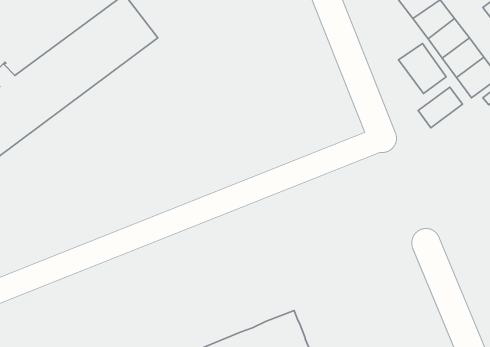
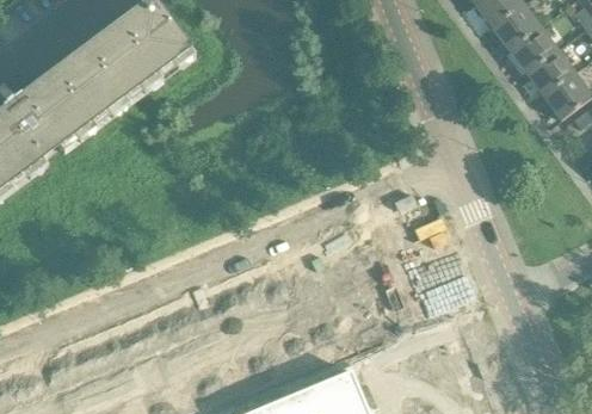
building: [399,44,446,94] -> none
building: [418,87,463,128] -> none

